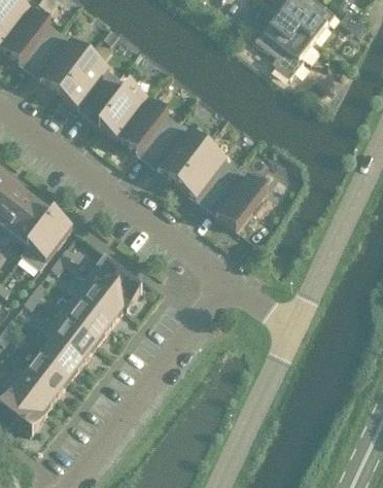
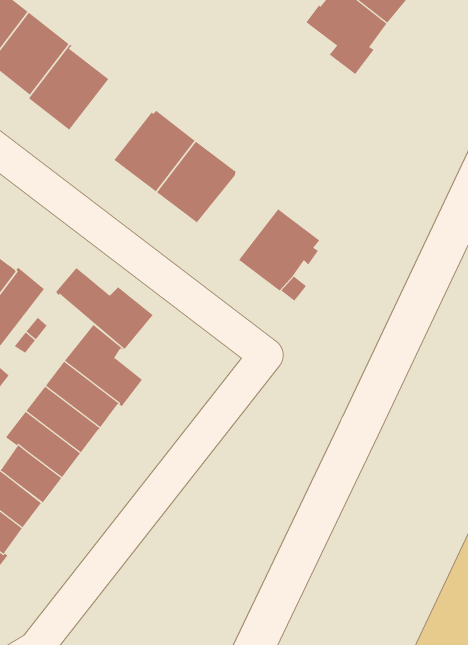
building: [89,78,146,137] -> none
building: [177,146,235,205] -> none
building: none -> [56,267,153,350]

